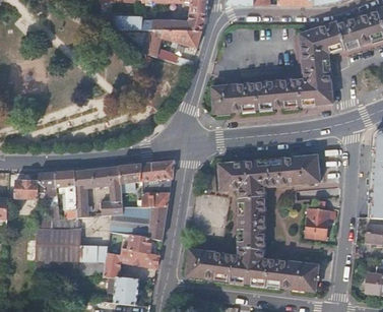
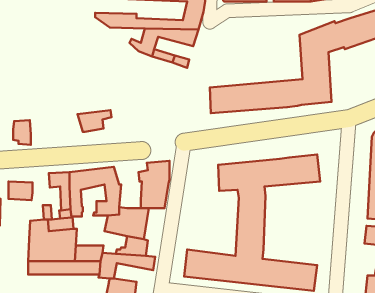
building: [118,163,151,184] -> [78,110,112,132]
building: [38,173,55,197] -> [13,120,31,145]
building: [147,207,168,241] -> none
building: [306,207,328,238] -> none

